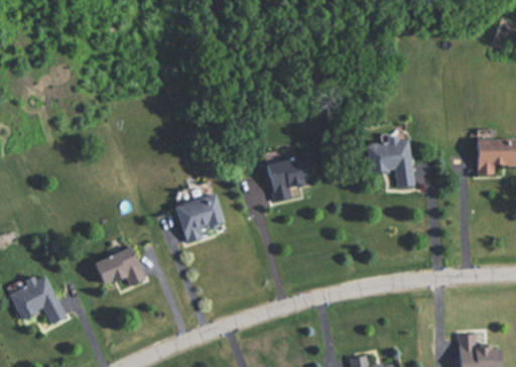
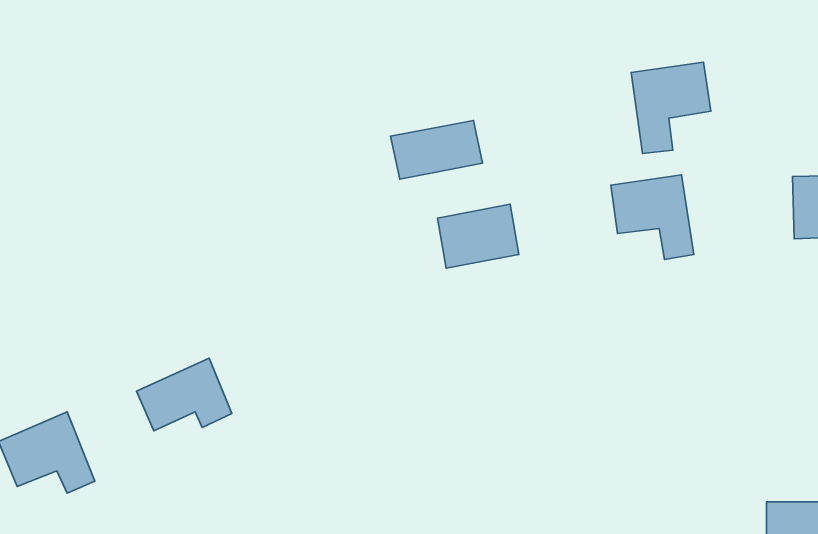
building: none -> [631,62,711,154]
building: none -> [390,120,483,179]
building: [172,192,228,244] -> none

